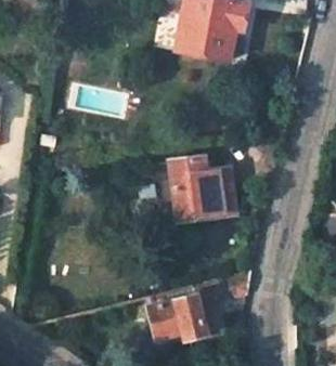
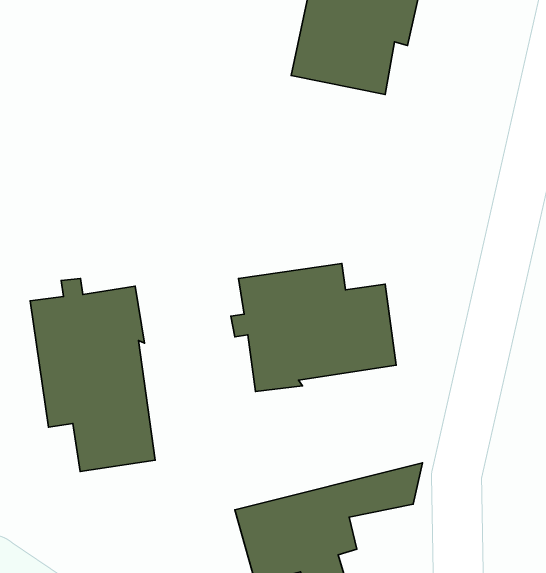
building: none -> [30,279,155,472]

